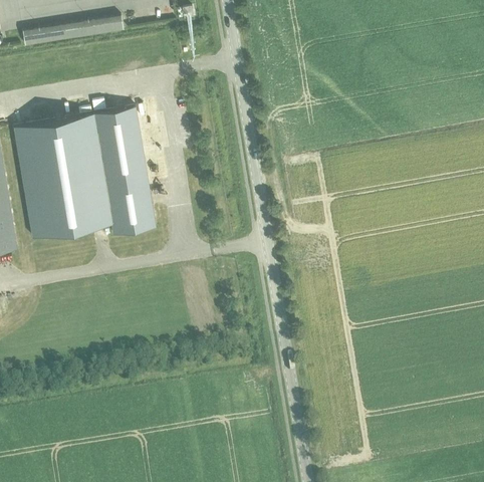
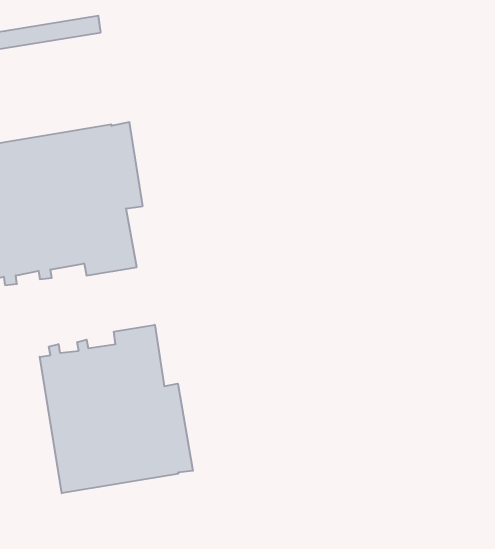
building: none -> [40,325,193,493]

